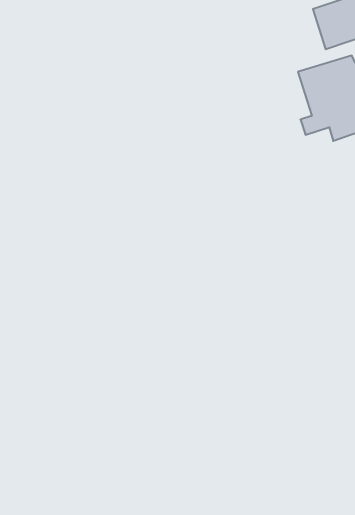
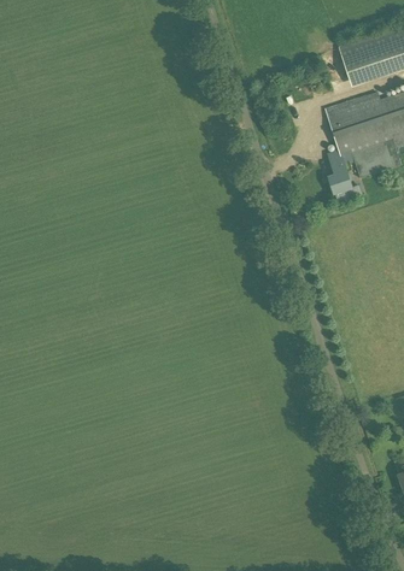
building: none -> [328,161,351,202]

